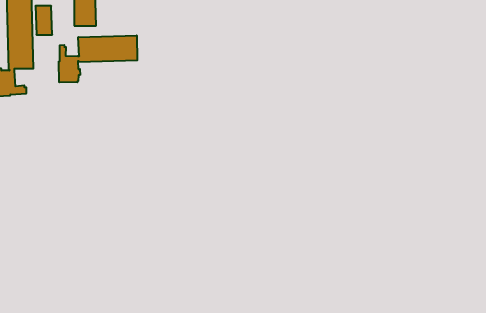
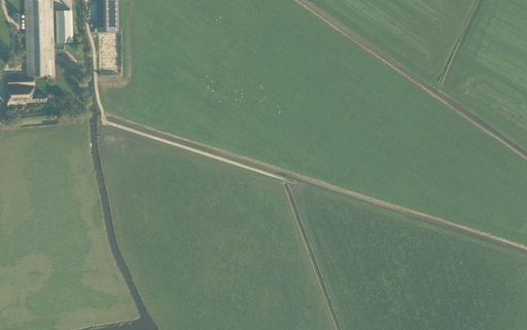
building: [59,35,137,82] -> none

